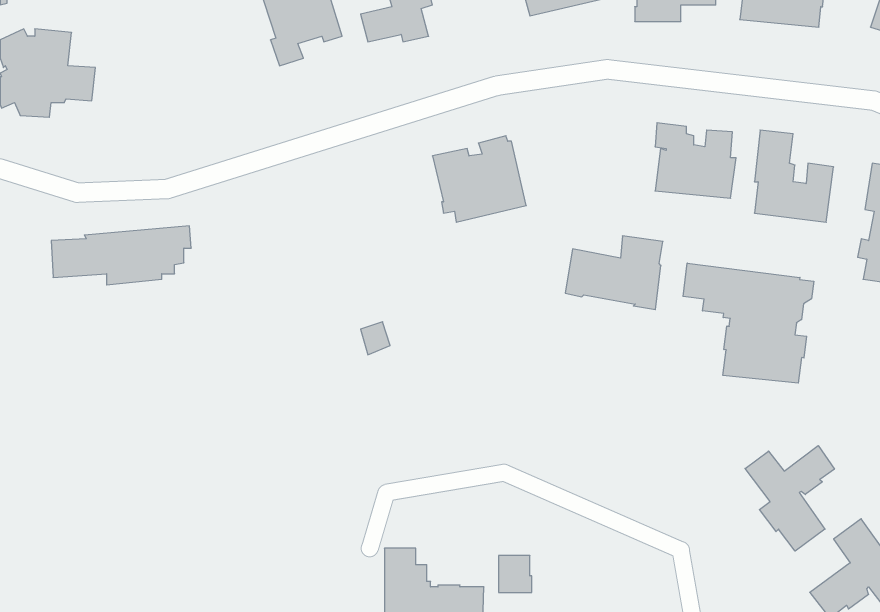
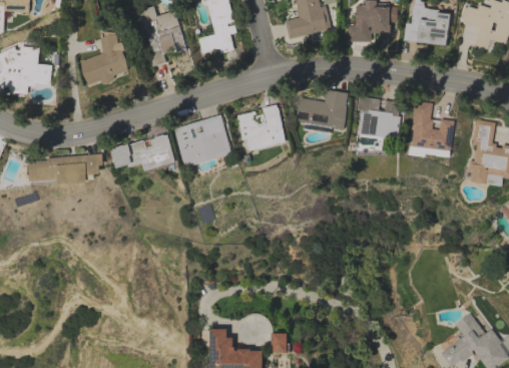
building: none -> [80,35,128,85]
building: none -> [173,115,232,168]
building: none -> [111,134,176,171]
building: [565,236,663,310] -> [295,90,348,130]
building: [683,263,814,383] -> none
building: [745,446,834,551] -> none

